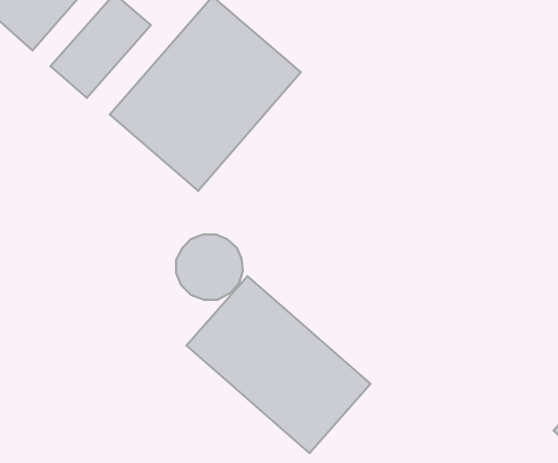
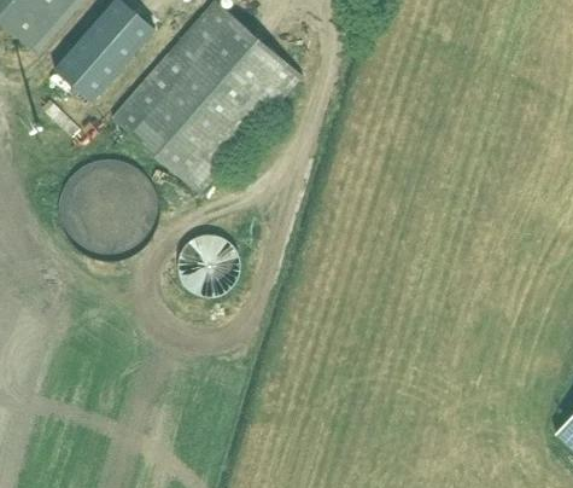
building: none -> [53,155,162,263]
building: [187,276,370,453] -> none

